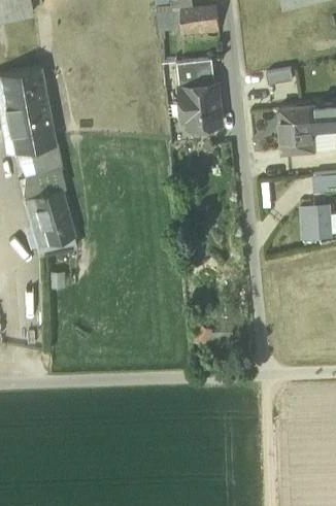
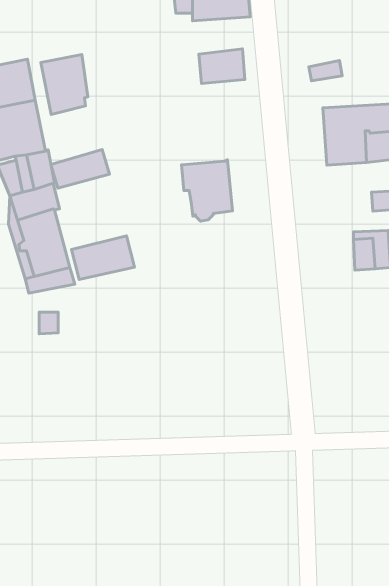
building: none -> [41,55,88,115]
building: [179,81,221,131] -> [181,160,232,221]
building: none -> [51,149,110,188]
building: none -> [72,236,135,280]

